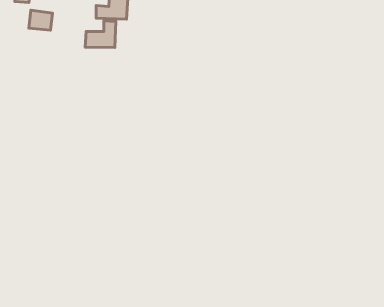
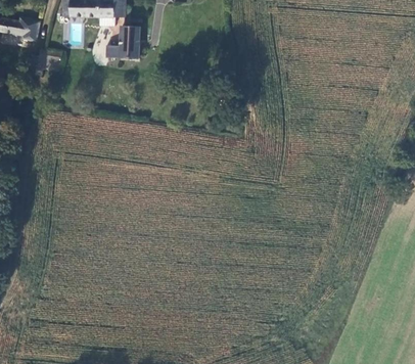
building: [85,21,116,47] -> none

